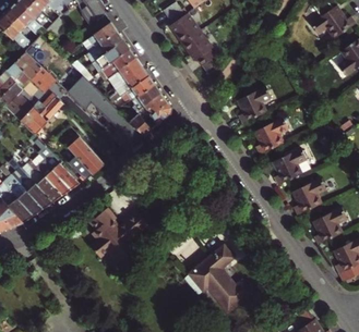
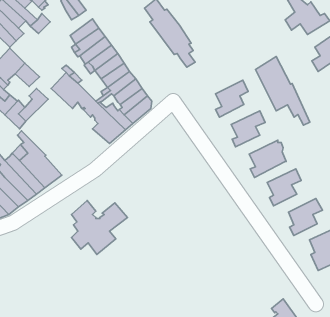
building: none -> [256,56,310,125]
building: [68,136,104,179] -> none
building: [188,245,251,311] -> none

